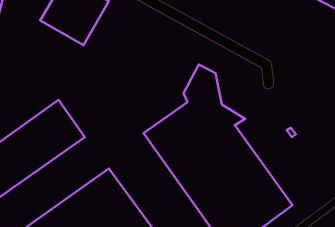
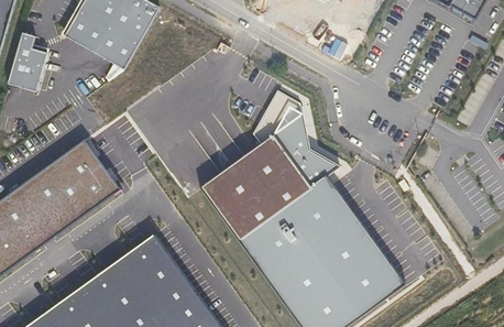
building: none -> [10,32,47,90]

